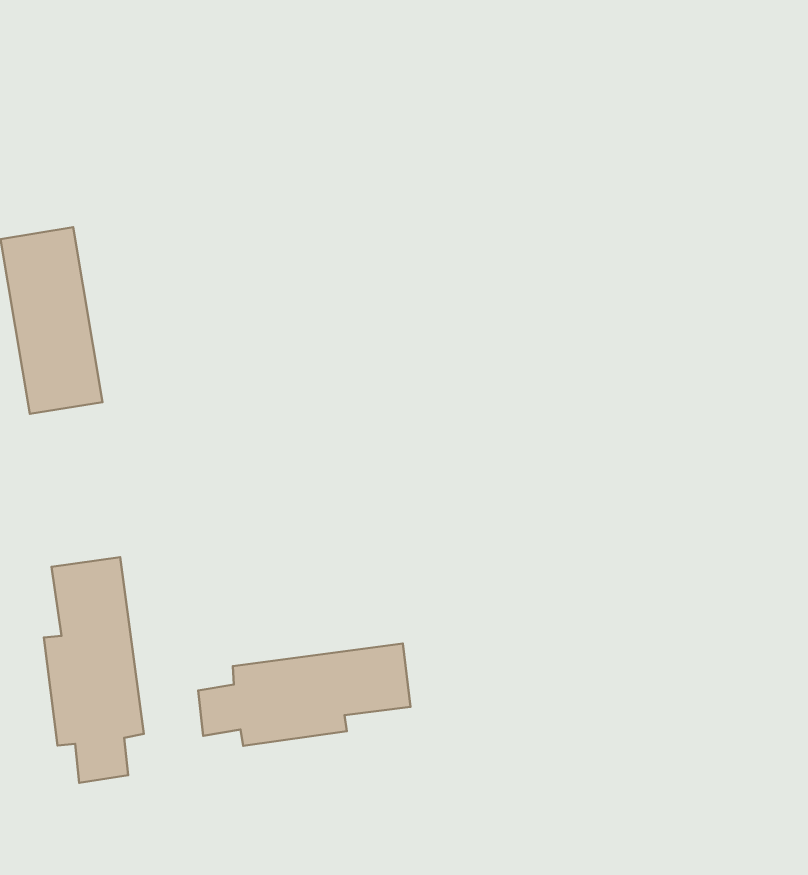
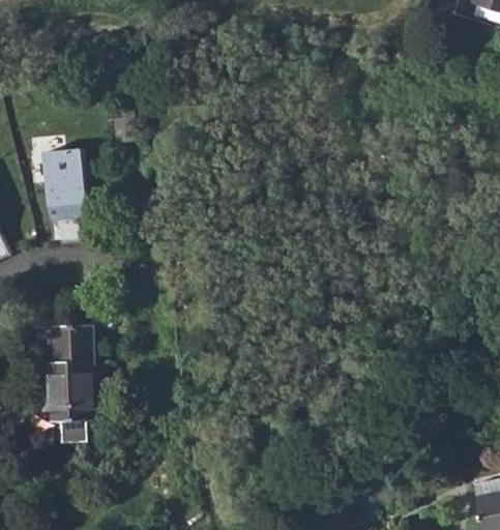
building: [198,644,411,746] -> none

